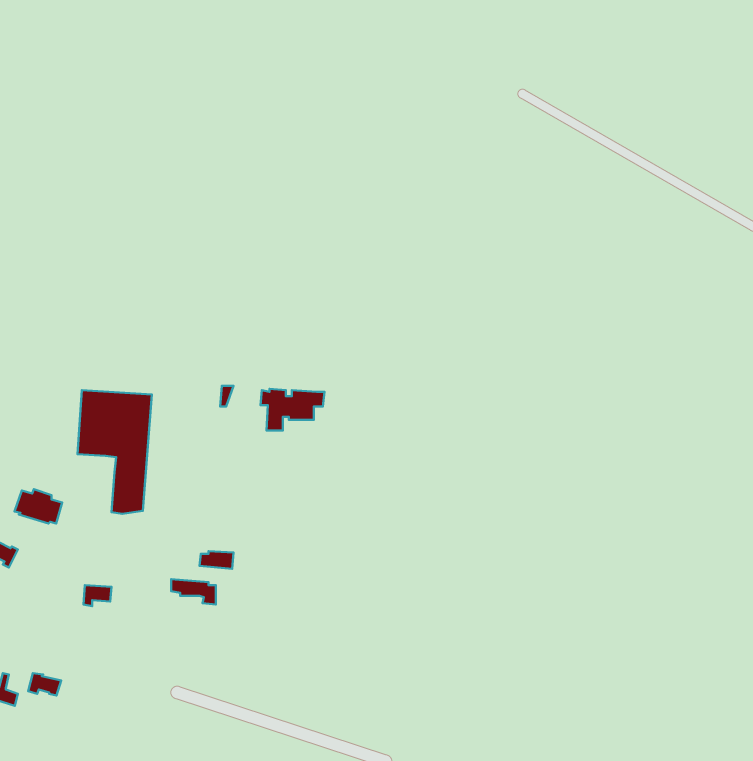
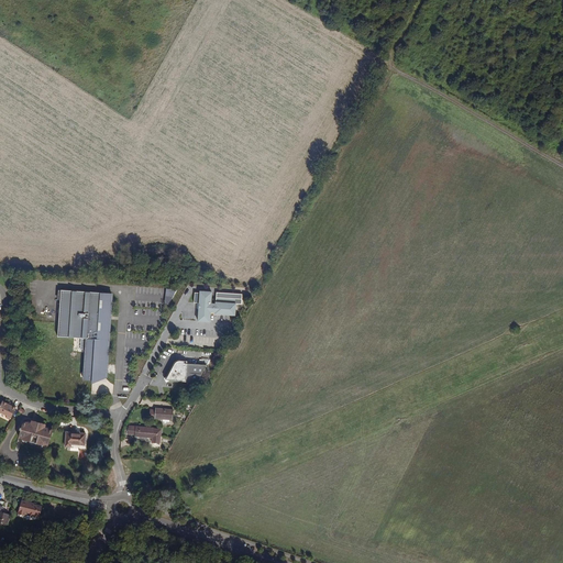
building: none -> [164,358,202,382]
building: [14,489,62,523] -> [14,421,49,446]

